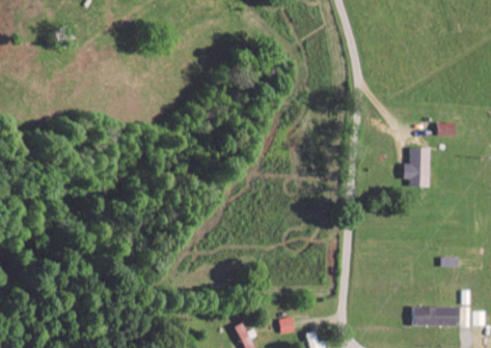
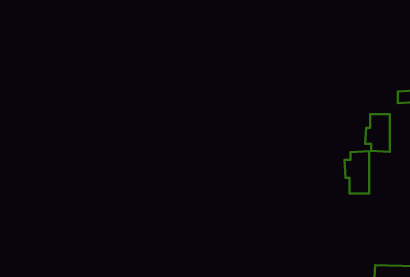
building: none -> [345,151,369,194]

